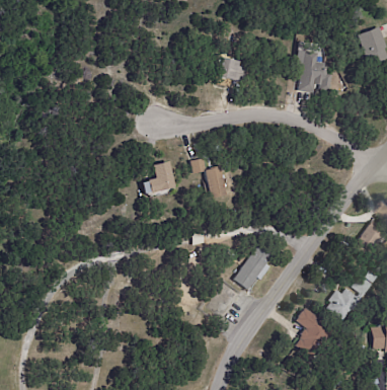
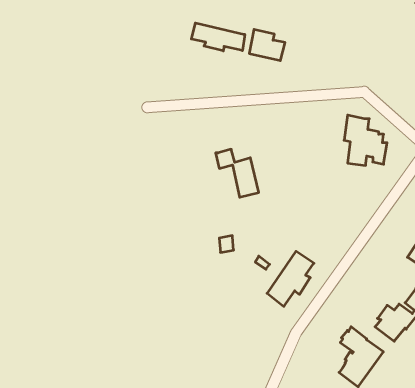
building: [296,50,332,92] -> [344,115,387,165]
building: none -> [191,23,245,51]
building: [143,161,175,193] -> none

